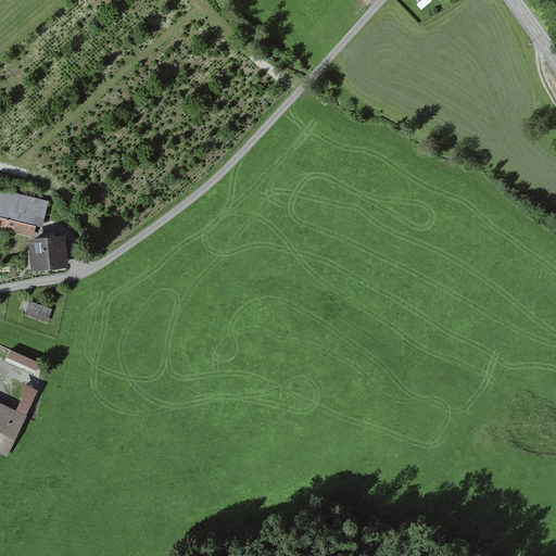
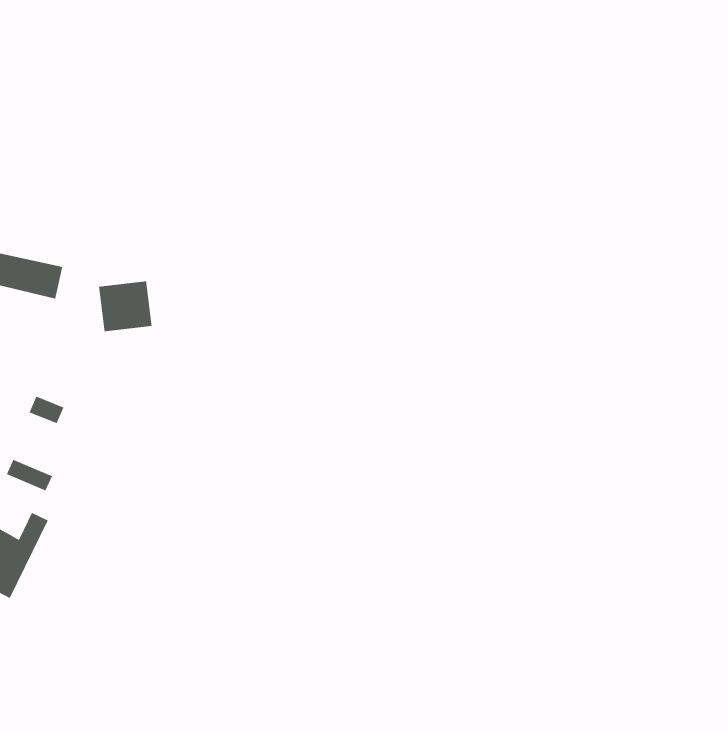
building: [25,230,66,269] -> [98,281,152,332]

